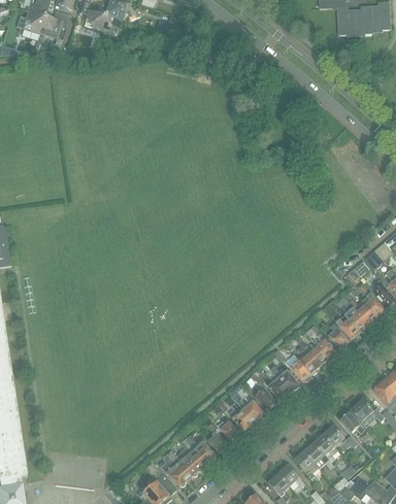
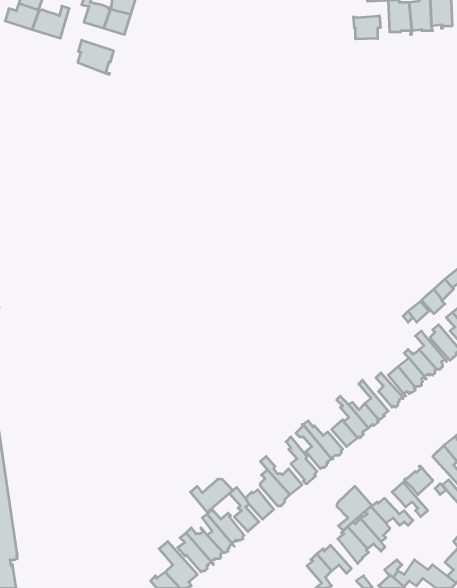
building: none -> [354,16,380,39]
building: none -> [78,40,113,75]
building: none -> [190,479,233,512]
building: none -> [337,486,372,531]

